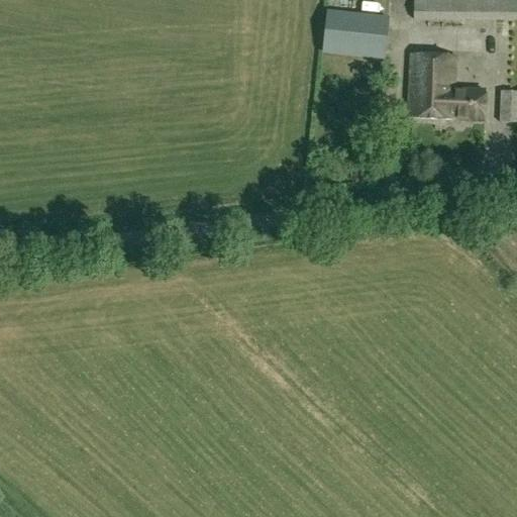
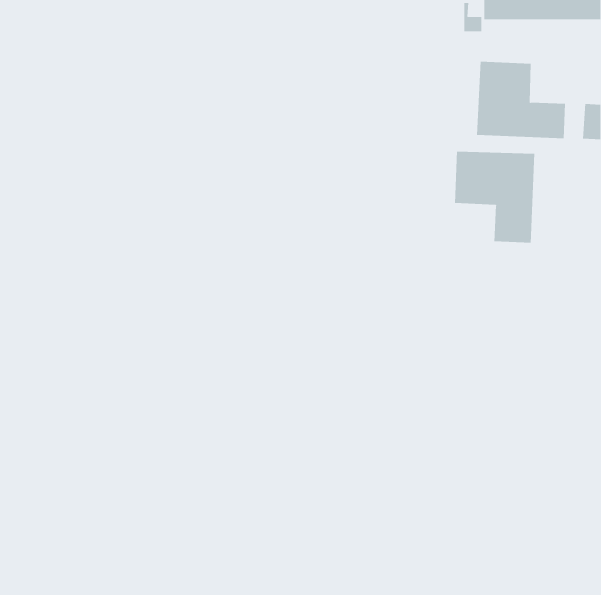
building: [322,9,389,57] -> none
building: none -> [455,151,535,243]

